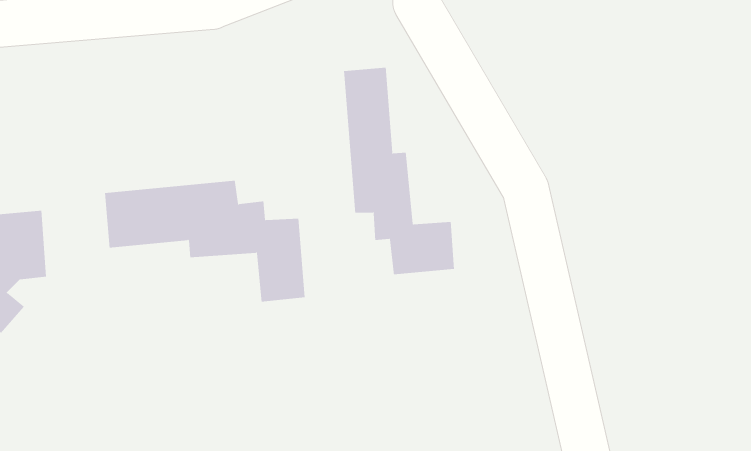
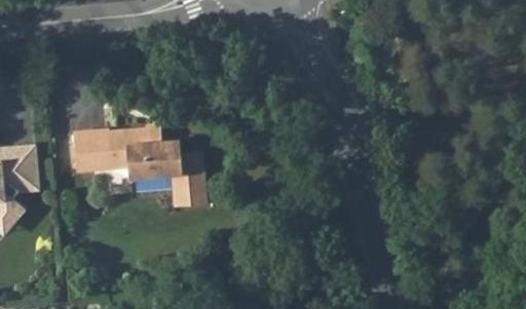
building: [344,67,455,275] -> none

